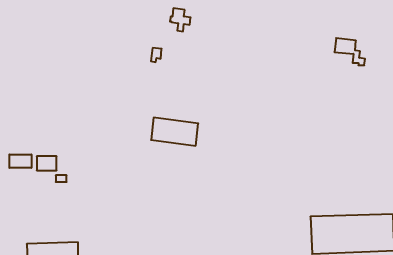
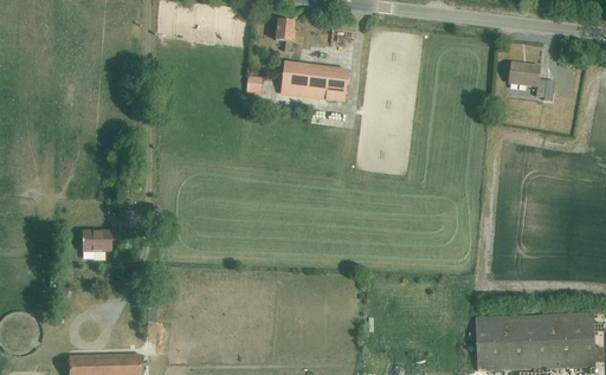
building: [151,118,198,146] -> [281,60,348,101]
building: [9,154,31,168] -> none

